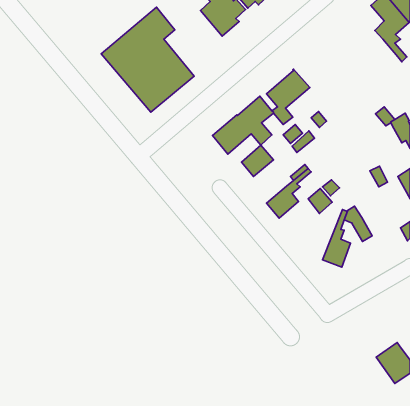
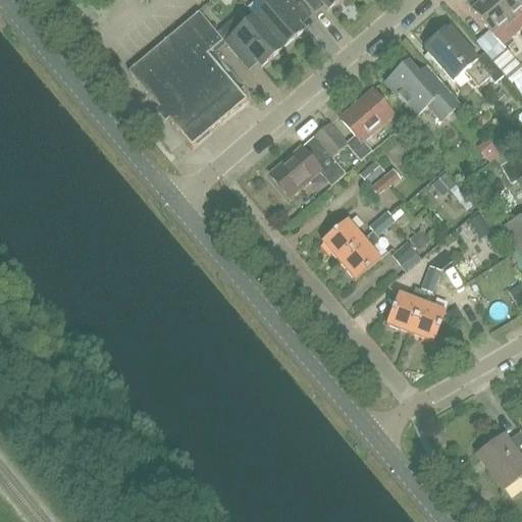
building: none -> [216,13,282,67]
building: none -> [425,25,506,85]
building: none -> [386,62,459,117]
building: [242,145,274,177] -> [323,218,364,258]
building: none -> [386,264,435,330]

